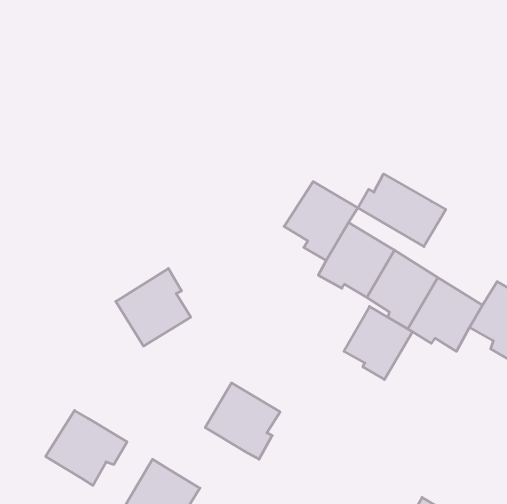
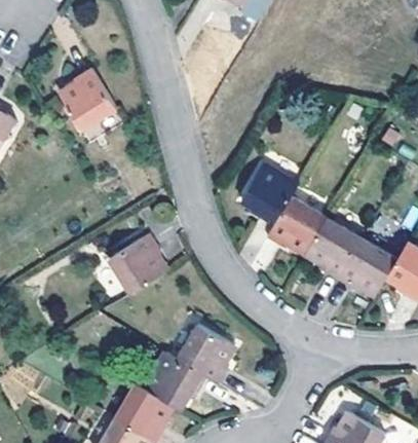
building: none -> [61,66,118,128]
building: [358,174,446,247] -> none
building: [344,306,413,380] -> none
building: [46,410,127,485] -> [145,350,208,409]

